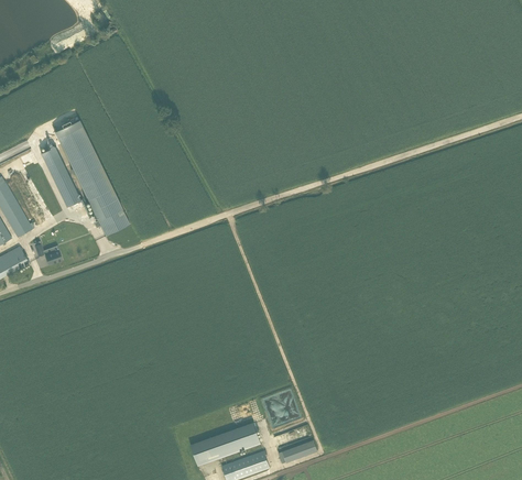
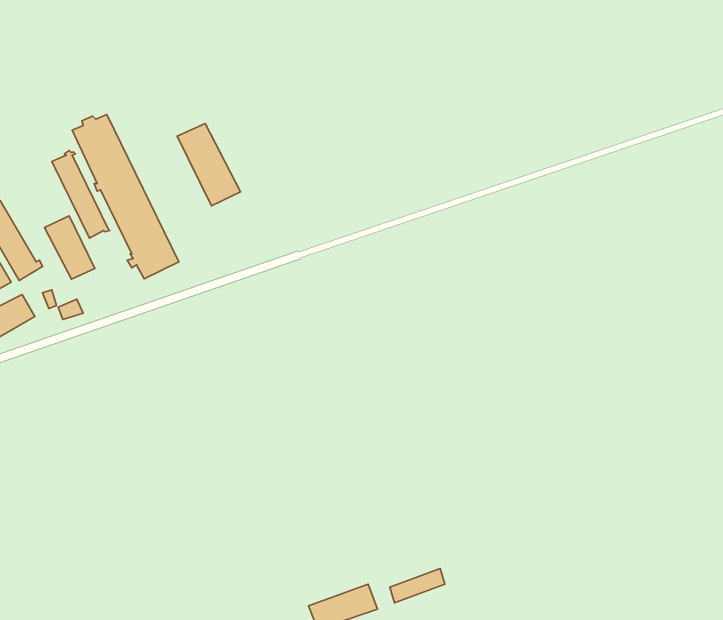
building: none -> [177,123,240,206]
building: none -> [45,216,95,279]
building: [189,422,259,465] -> none

